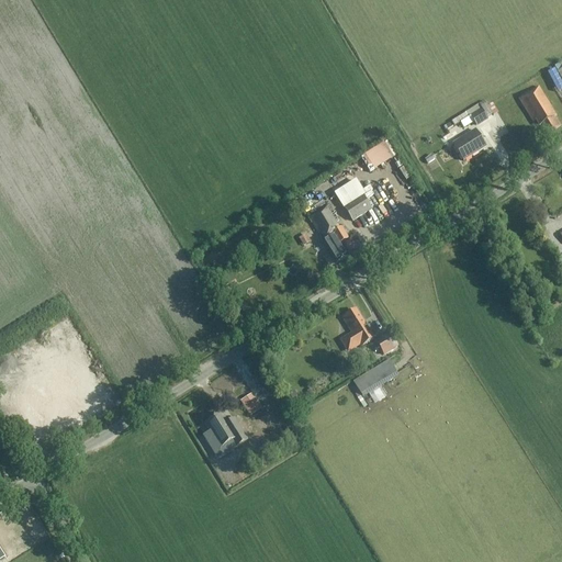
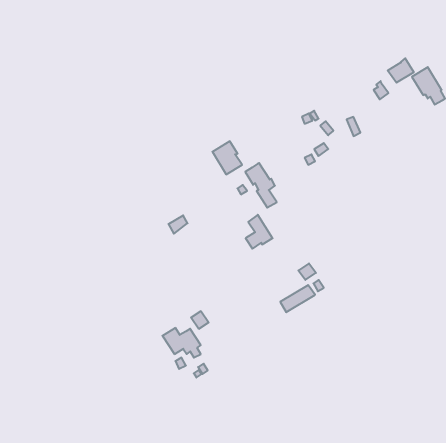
building: [452,128,485,159] -> [388,58,414,83]
building: [334,178,371,220] -> [212,141,242,174]
building: [339,308,373,351] -> [246,215,273,249]

